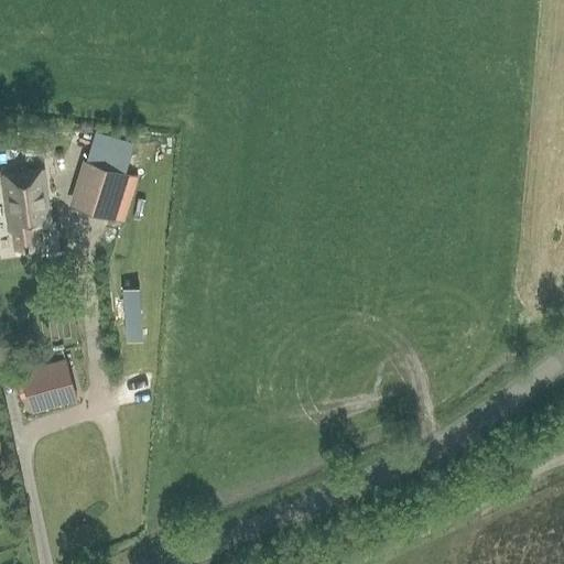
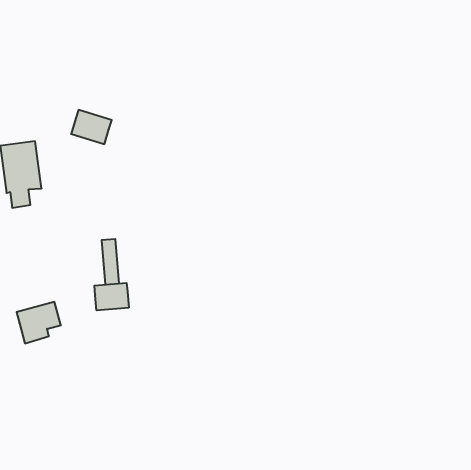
building: [70,162,124,219] -> none
building: none -> [94,283,129,310]

